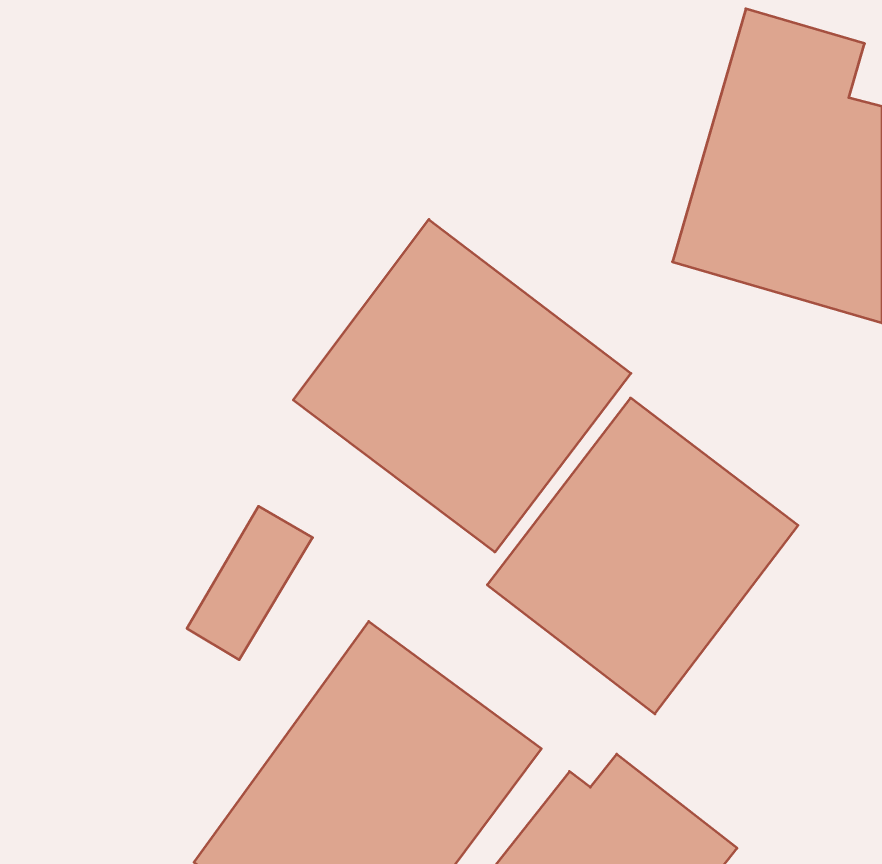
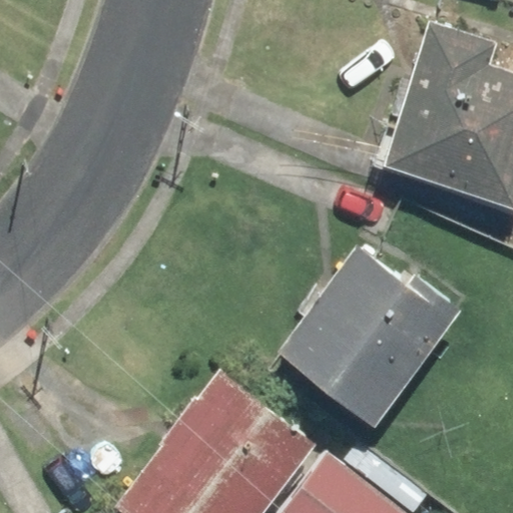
building: [293,219,631,552] -> none

